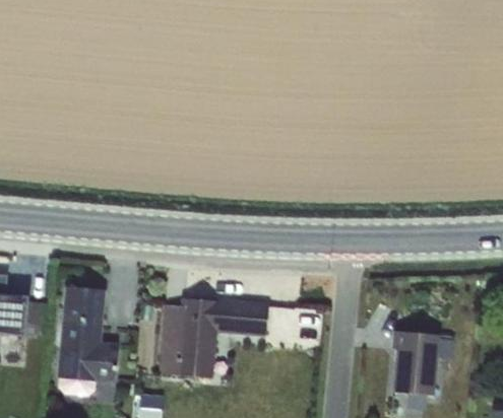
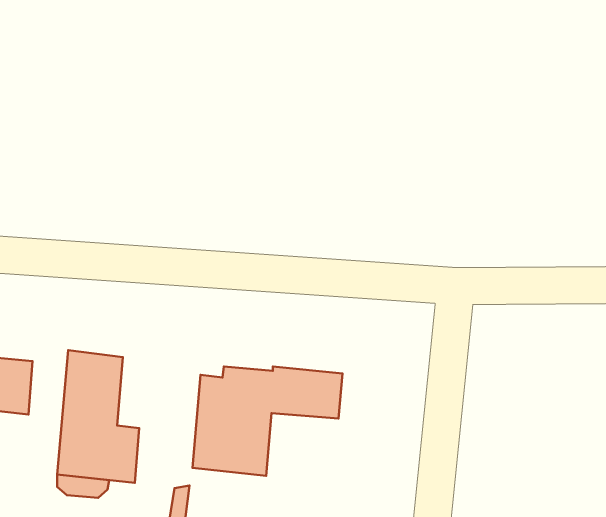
building: [392,333,439,398] -> none

